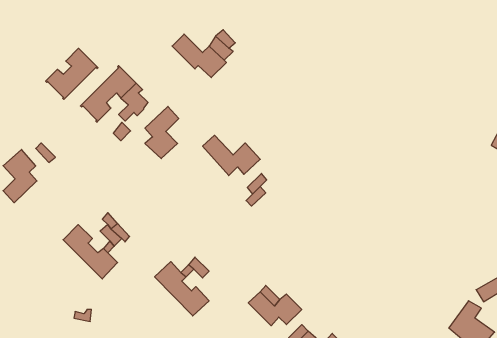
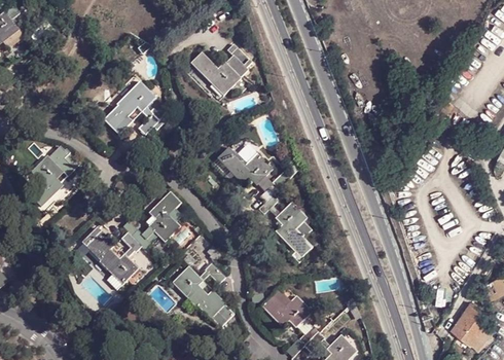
building: [46,48,98,99] -> none
building: [145,106,179,159] -> [149,192,181,242]
building: none -> [276,203,313,257]

